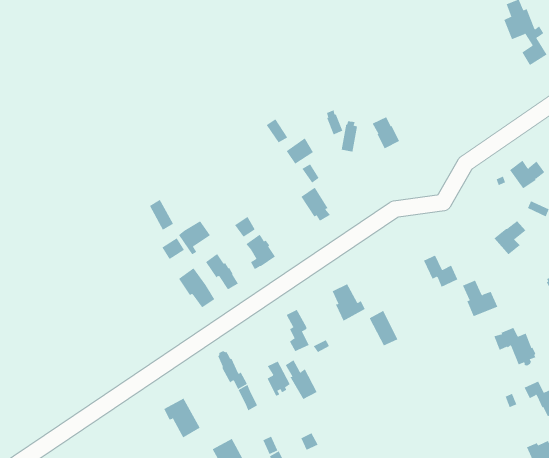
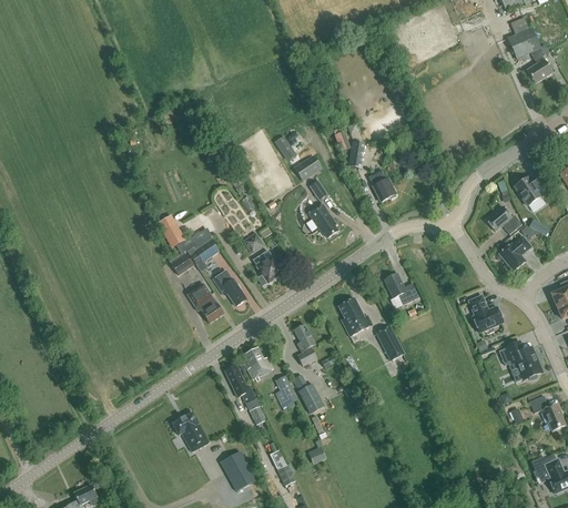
building: [372,117,400,149] -> [367,170,395,202]
building: none -> [485,206,520,234]
building: [423,255,458,287] -> [384,273,418,305]
building: none -> [244,347,273,378]

